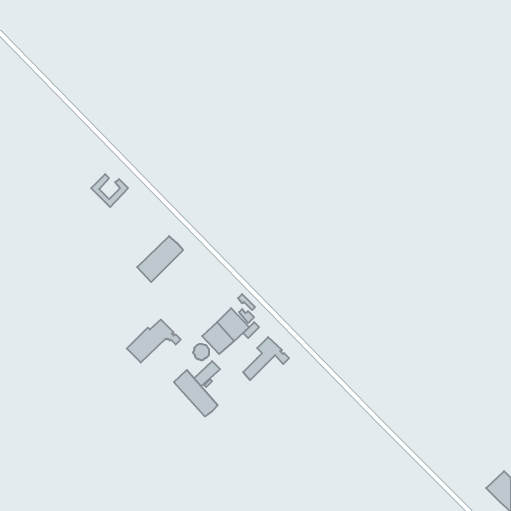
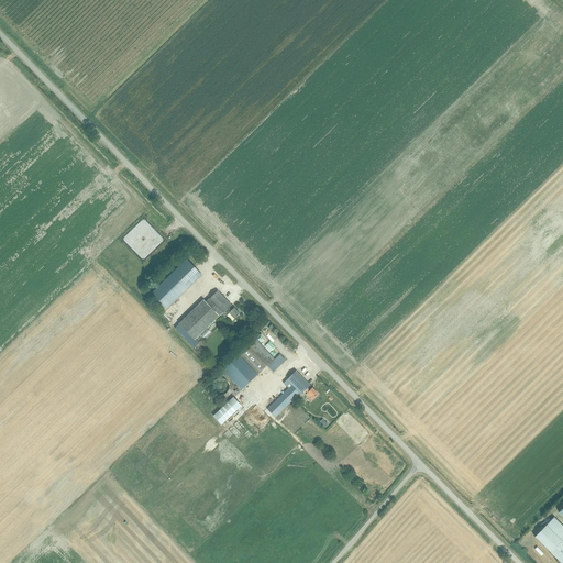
building: [91,174,128,207] -> [122,221,163,257]
building: [127,320,181,363] -> [180,291,240,339]
building: [174,370,218,416] -> none

